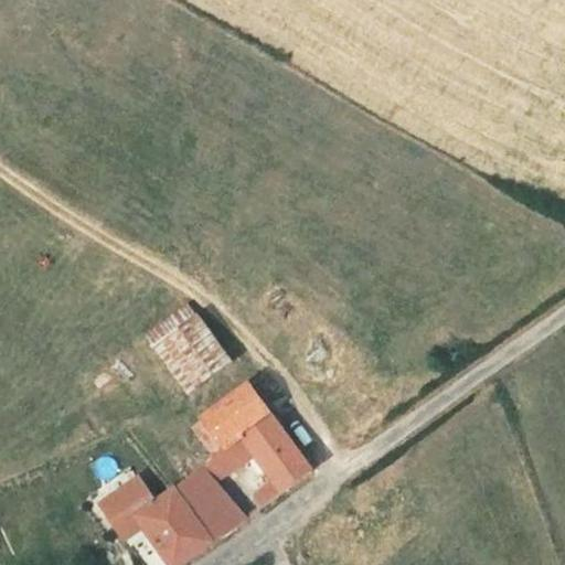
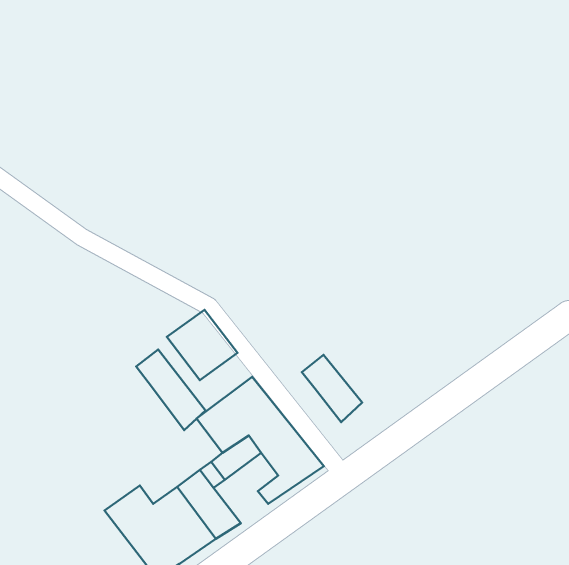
building: none -> [136,350,205,430]
building: none -> [302,355,362,422]

